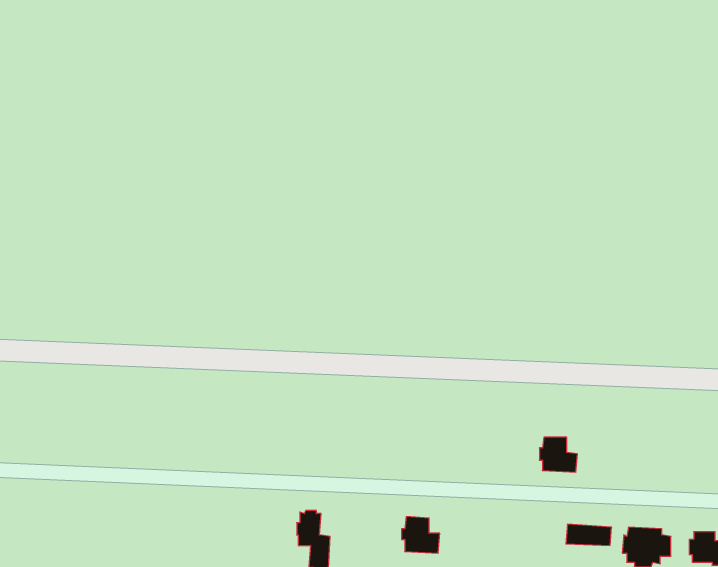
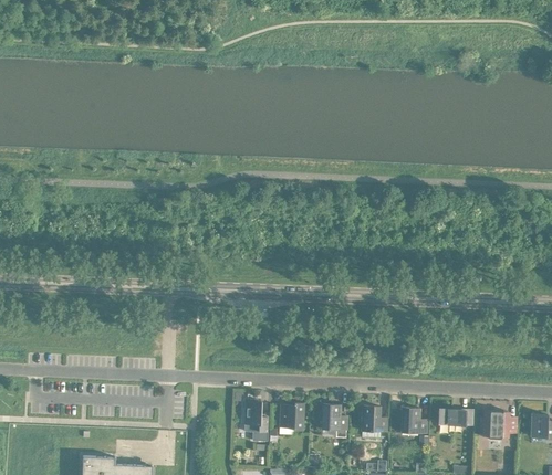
building: [539,437,577,472] -> [399,408,427,433]
building: none -> [280,402,304,431]
building: none -> [360,405,387,432]

